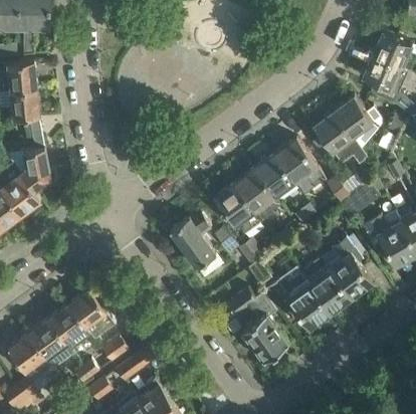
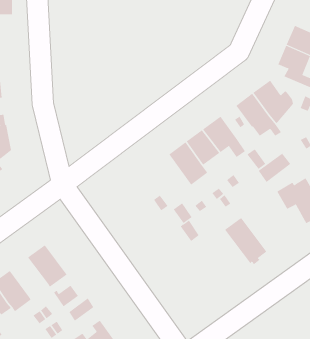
building: [214,186,262,237] -> none
building: [169,212,222,280] -> none
building: [320,241,371,300] -> none
building: [266,269,330,330] -> none
building: [225,290,286,363] -> none
building: [48,306,91,353] -> none

